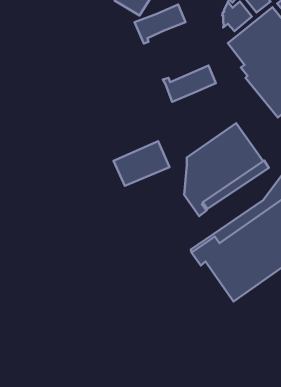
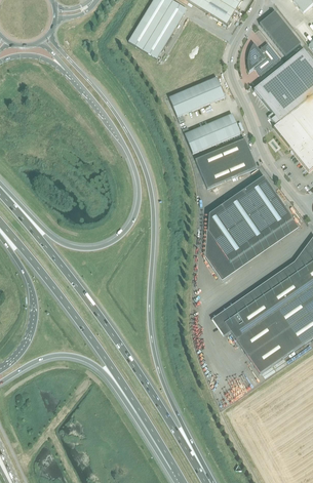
building: [135,5,186,44] -> [168,77,225,120]
building: [114,141,169,186] -> [195,137,257,187]

